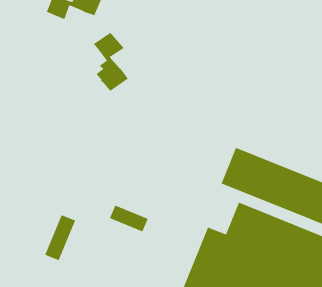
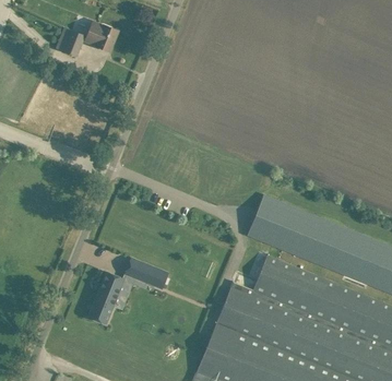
building: [93,32,129,92] -> none
building: [44,214,76,261] -> [88,272,123,323]

